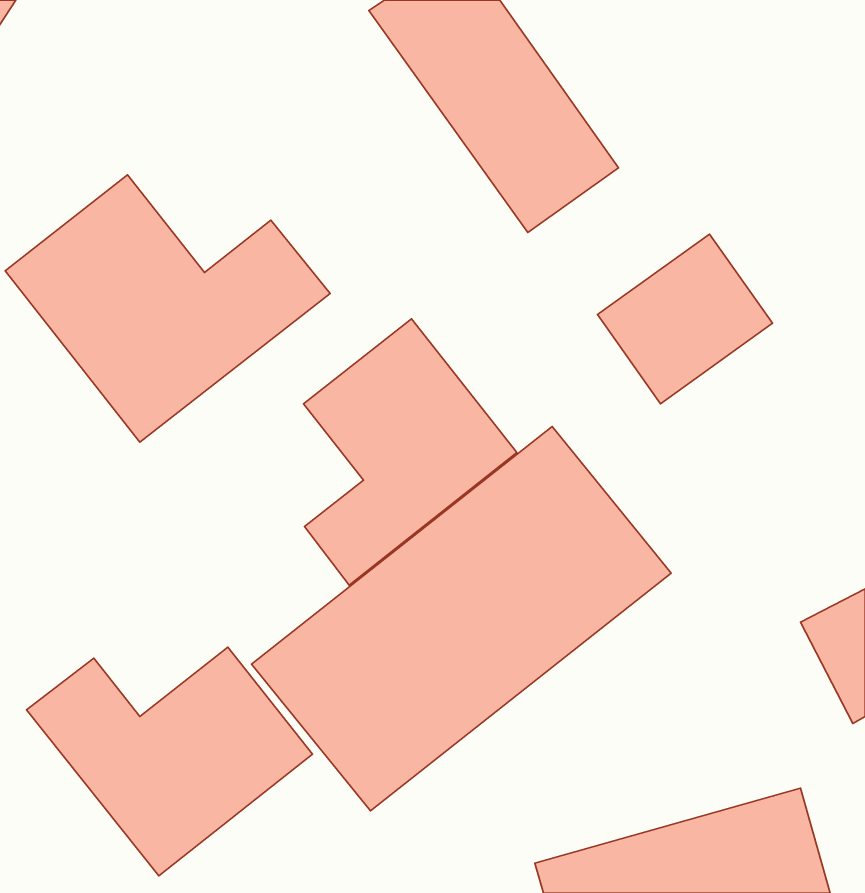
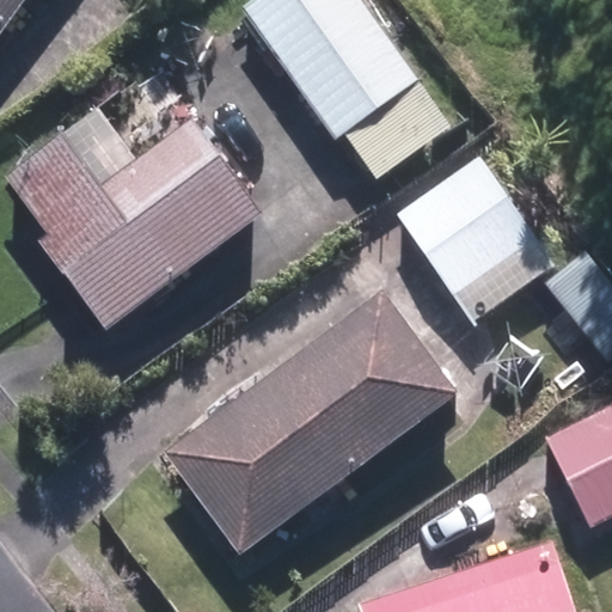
building: [303,319,517,585] -> none
building: [26,647,313,876] -> none

